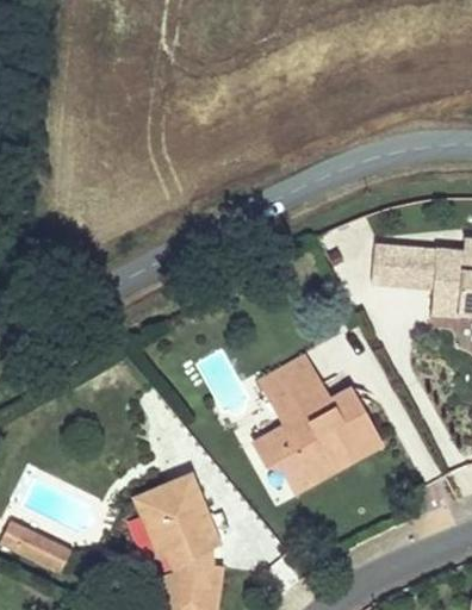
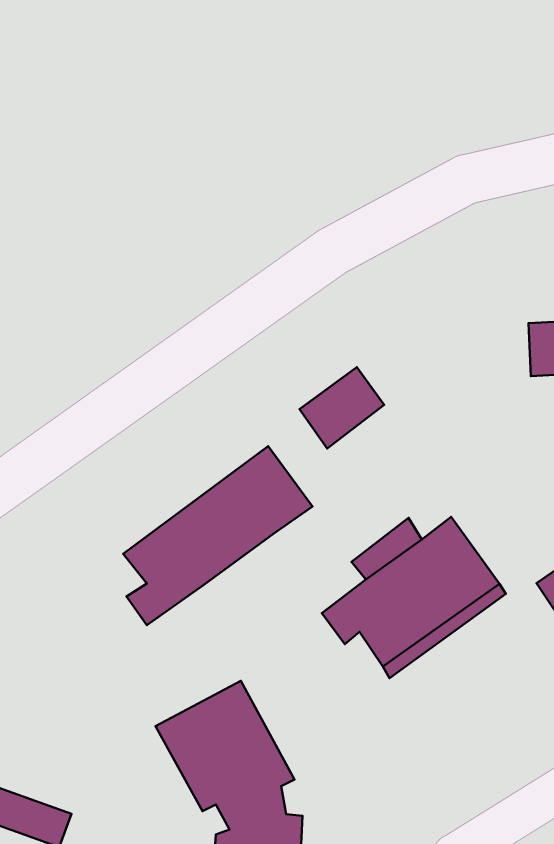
building: [372,254,415,293] -> none
building: none -> [123,446,312,625]
building: [262,351,319,404] -> [300,367,384,449]

